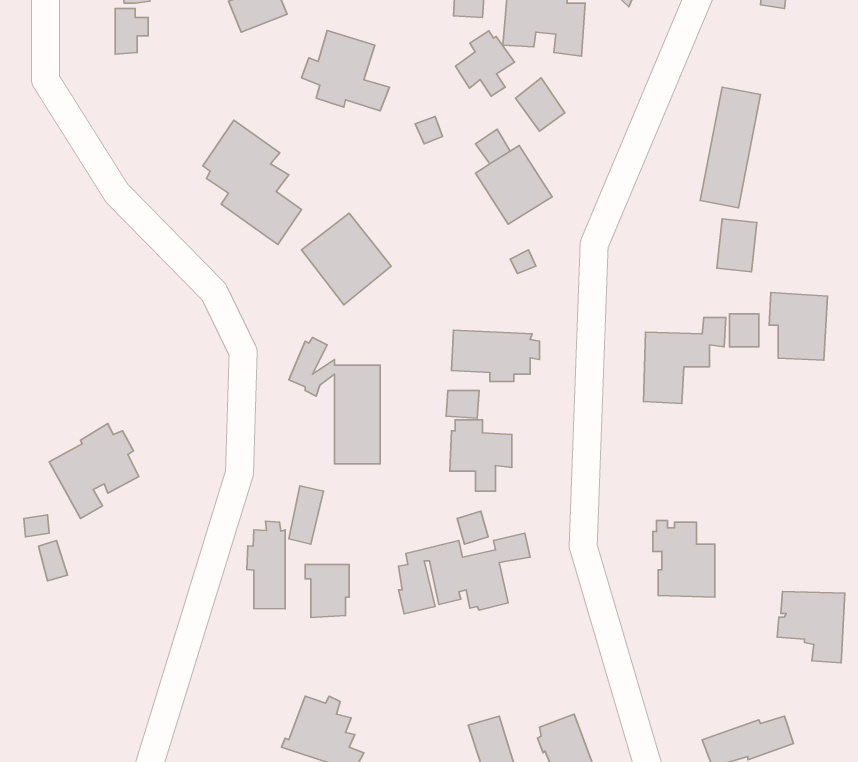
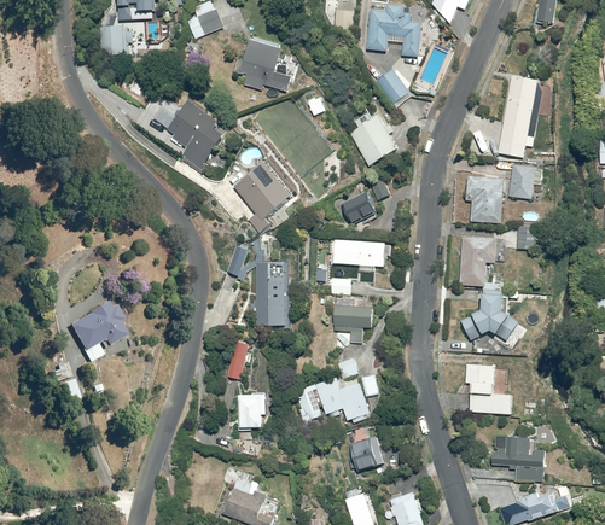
building: [456,31,514,96] -> none
building: none -> [343,191,377,222]
building: [769,292,828,360] -> [466,179,505,223]
building: none -> [461,298,519,340]
building: [247,521,285,609] -> none
building: [777,591,845,663] -> [491,434,536,482]
building: none -> [349,425,385,471]

